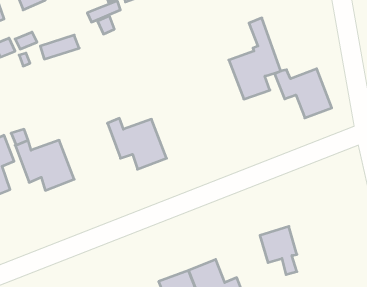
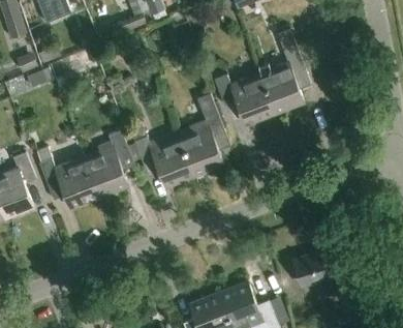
building: [275,69,332,118] -> [215,74,274,125]
building: none -> [179,93,229,176]
building: none -> [84,130,133,198]

